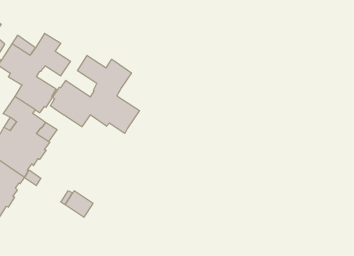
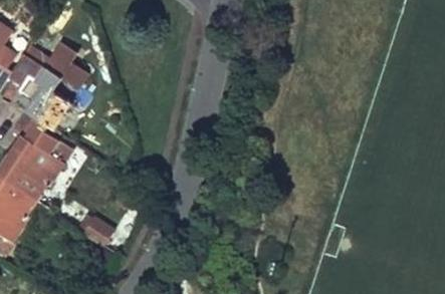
building: [50,55,140,133] -> none

